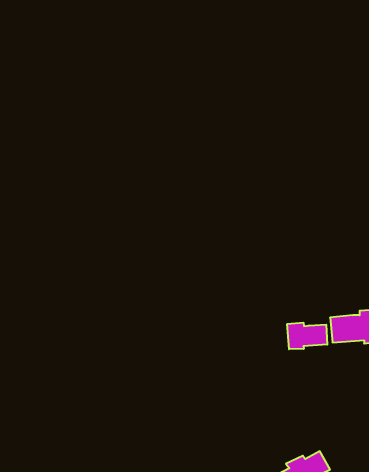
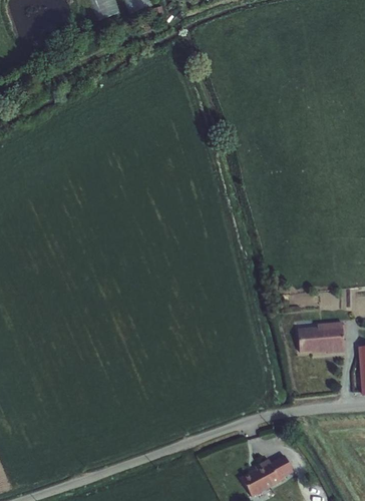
building: [287,323,327,349] -> none

